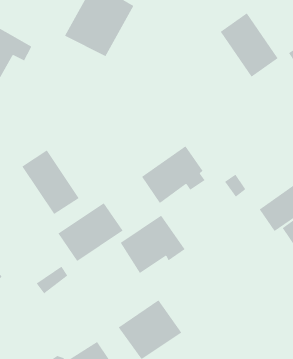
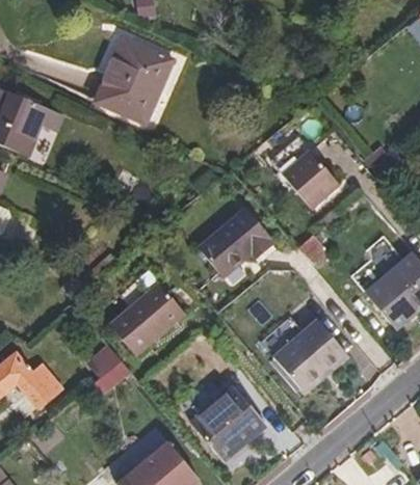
building: [220,13,278,78] -> [269,134,339,208]
building: [22,149,80,215] -> none
building: [120,215,186,274] -> [273,321,349,390]

